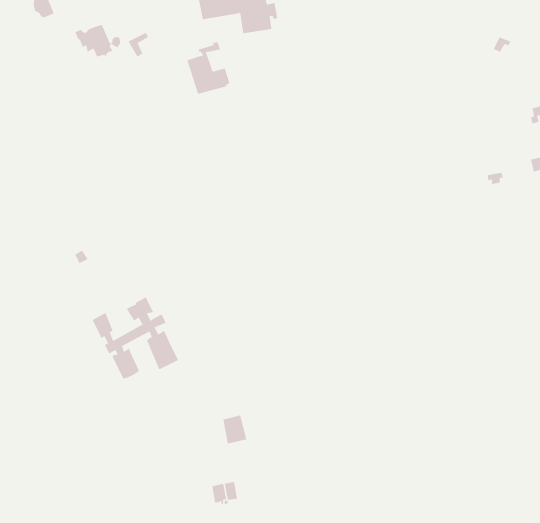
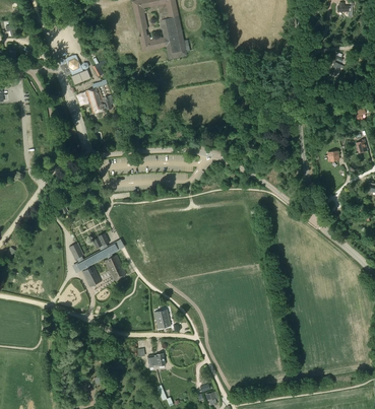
building: [187,42,230,94] -> [85,79,114,114]

